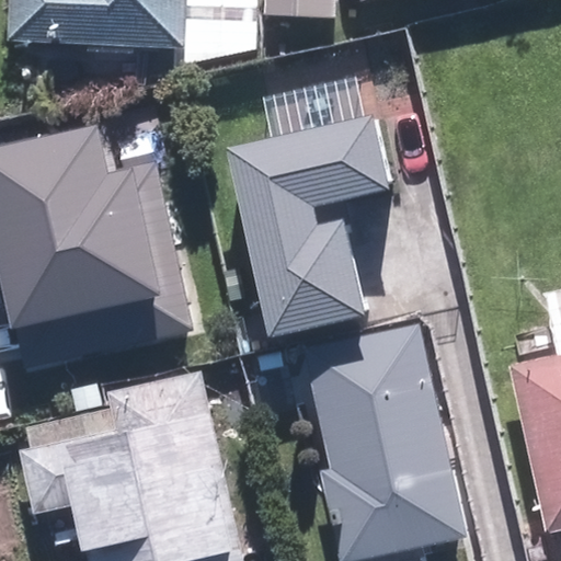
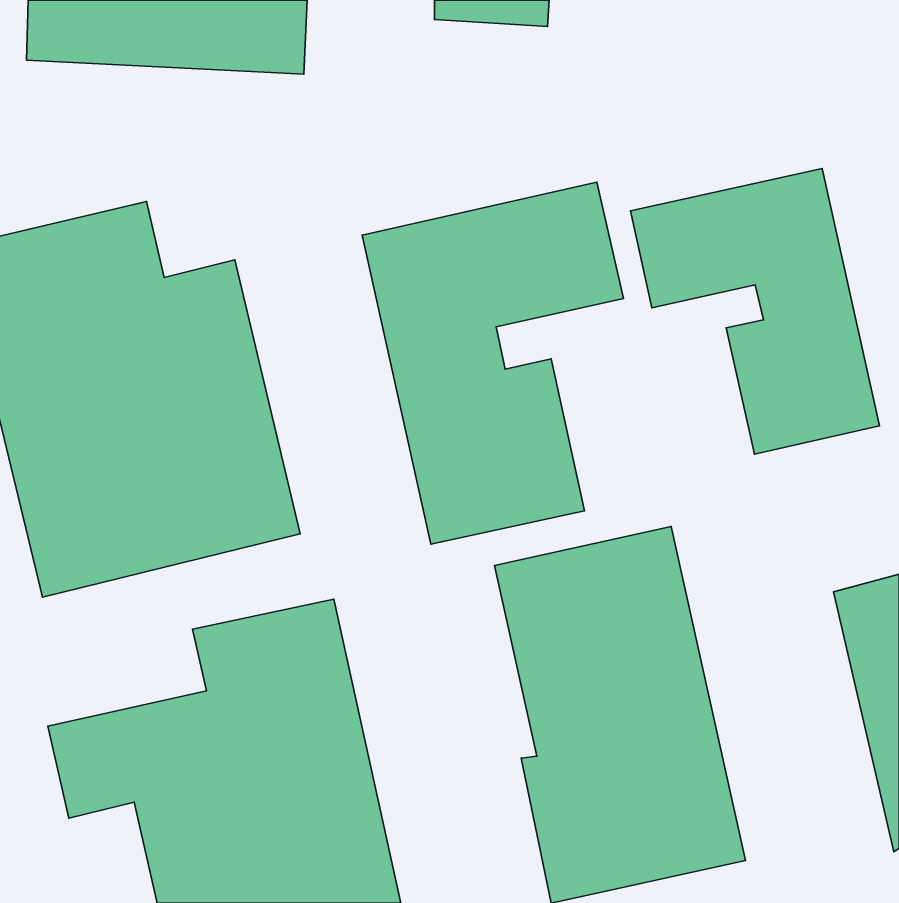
building: none -> [631,169,879,454]

